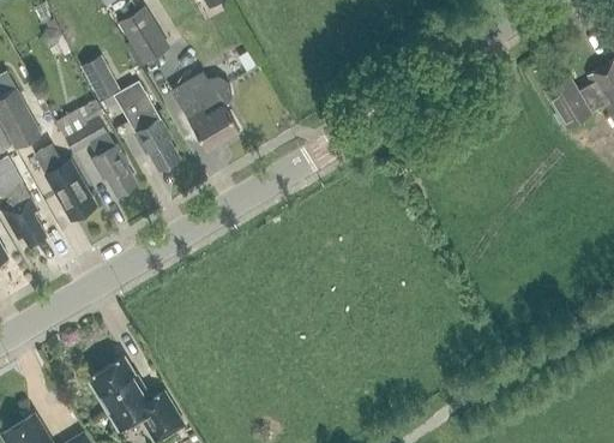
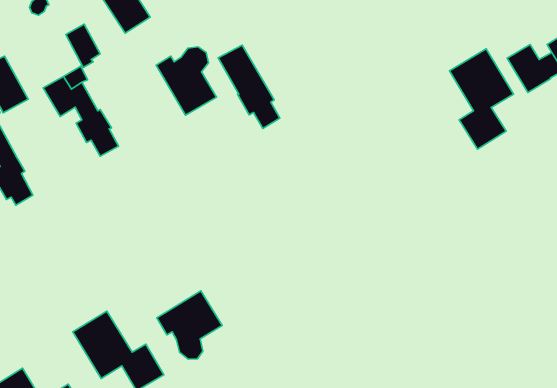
building: none -> [450,49,513,149]
building: [113,80,177,168] -> [218,45,280,128]
building: [34,143,92,217] -> none
building: none -> [157,291,222,359]

